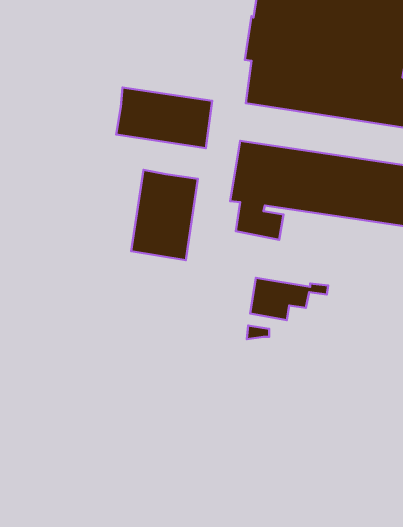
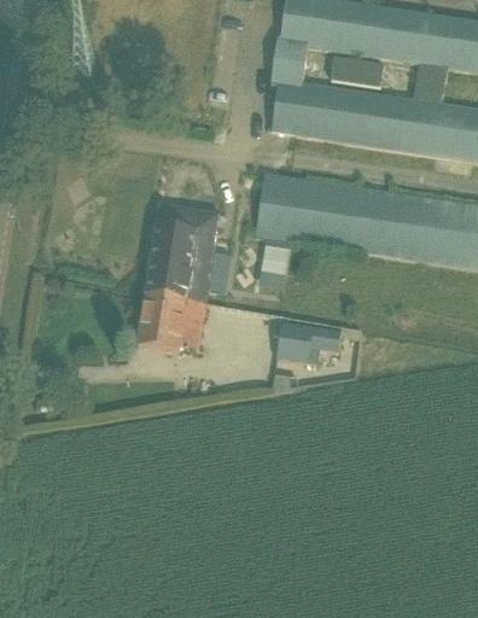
building: [116,87,212,148] -> none
building: none -> [138,291,205,351]

